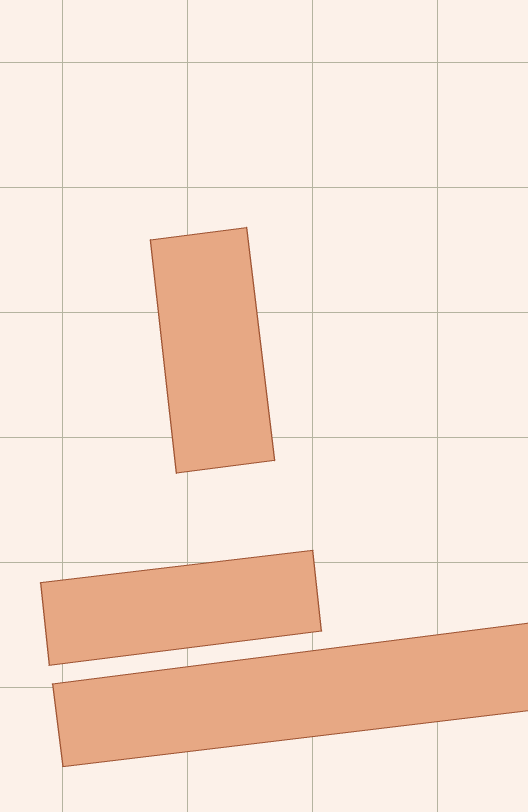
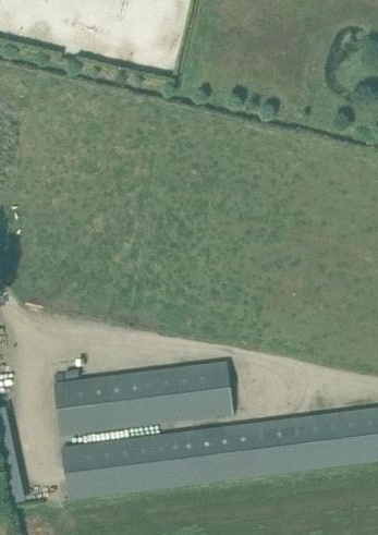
building: [151,227,274,473] -> none

